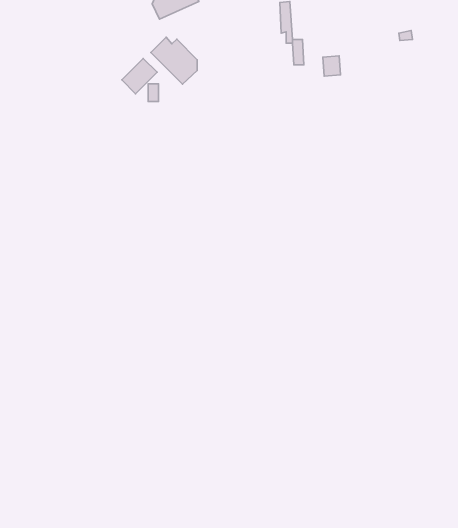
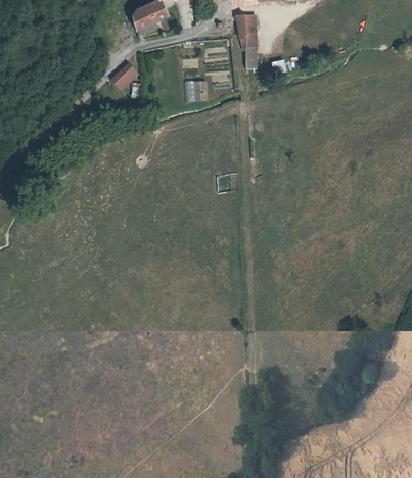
building: [151,37,197,84] -> none

